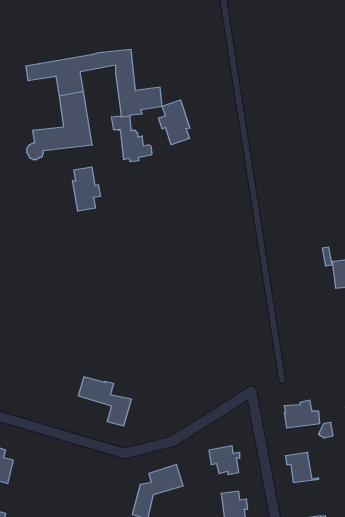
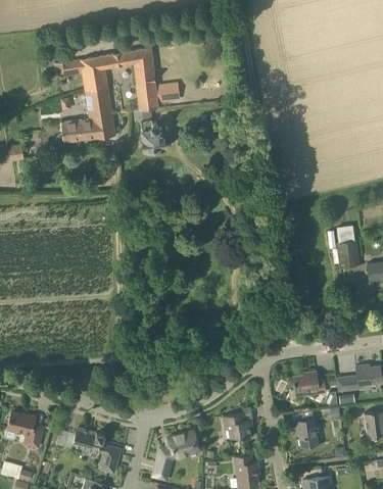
building: [158,100,190,145] -> none
building: [72,167,100,211] -> none
building: [78,377,132,426] -> [73,428,122,473]

